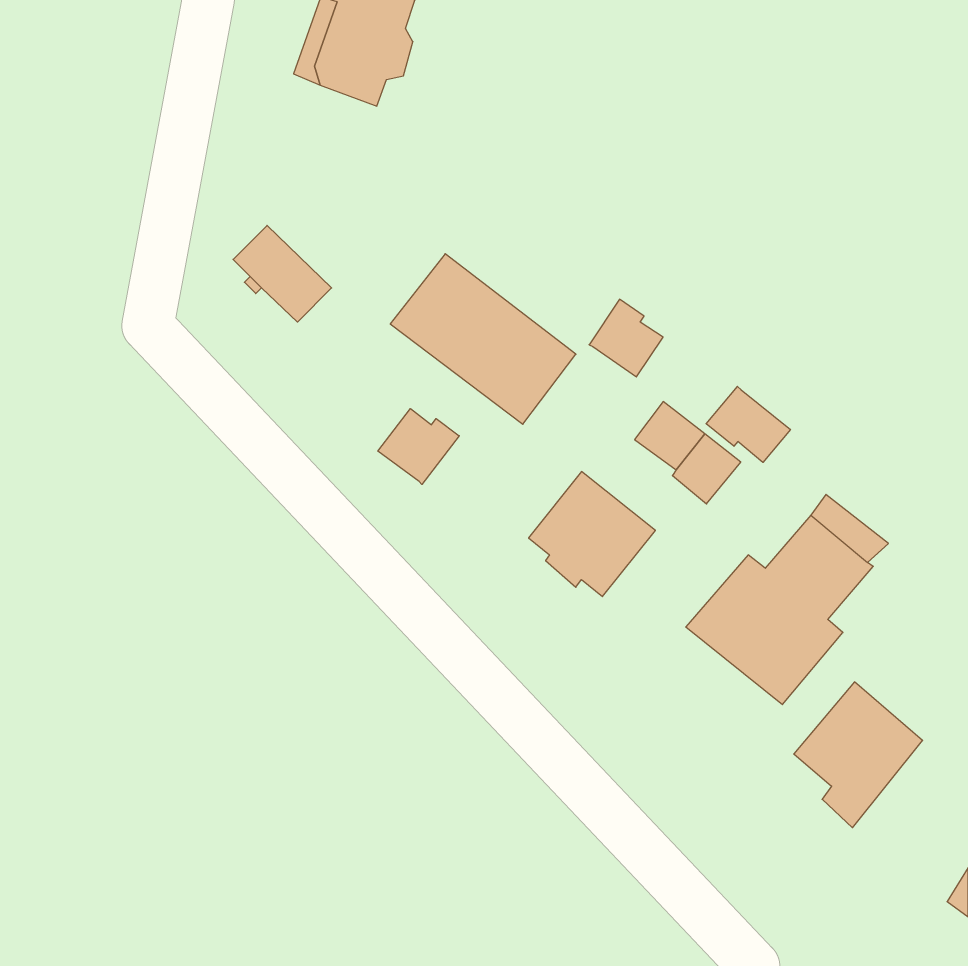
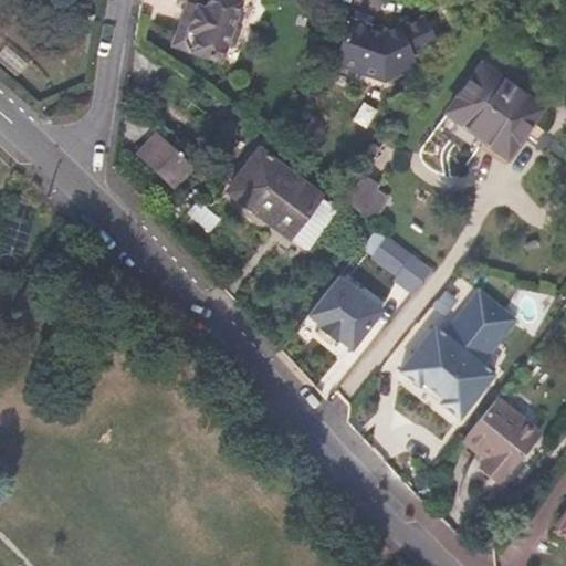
building: none -> [334,15,438,80]
building: none -> [448,64,542,155]
building: [706,386,790,462] -> none
building: [378,409,459,484] -> none

